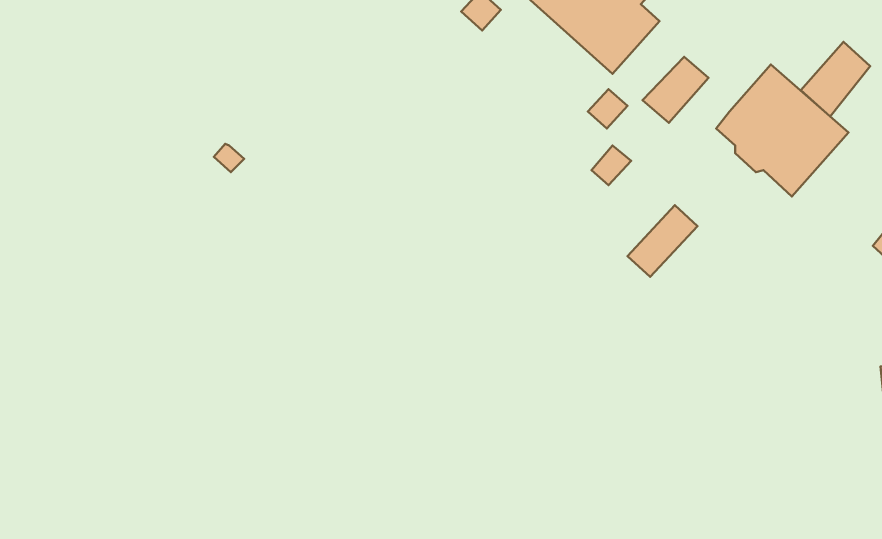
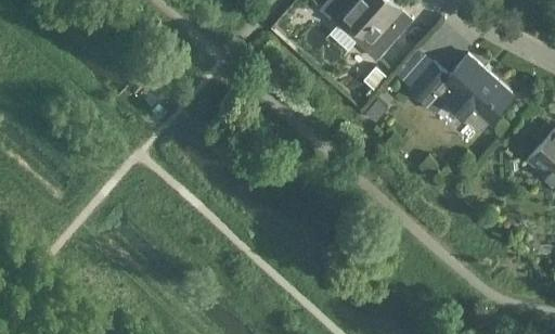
building: [801,42,870,116] -> none
building: [628,205,697,277] -> [408,63,448,104]

